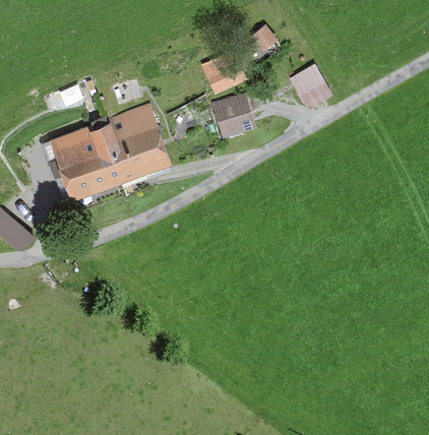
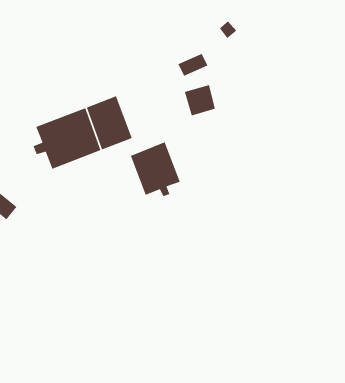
building: [290,62,333,107] -> none
building: none -> [130,141,181,197]

